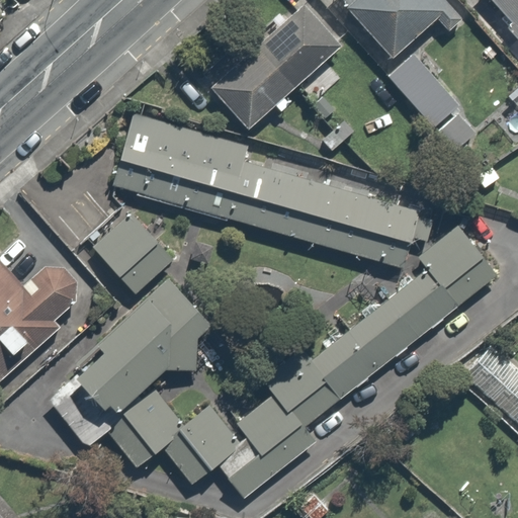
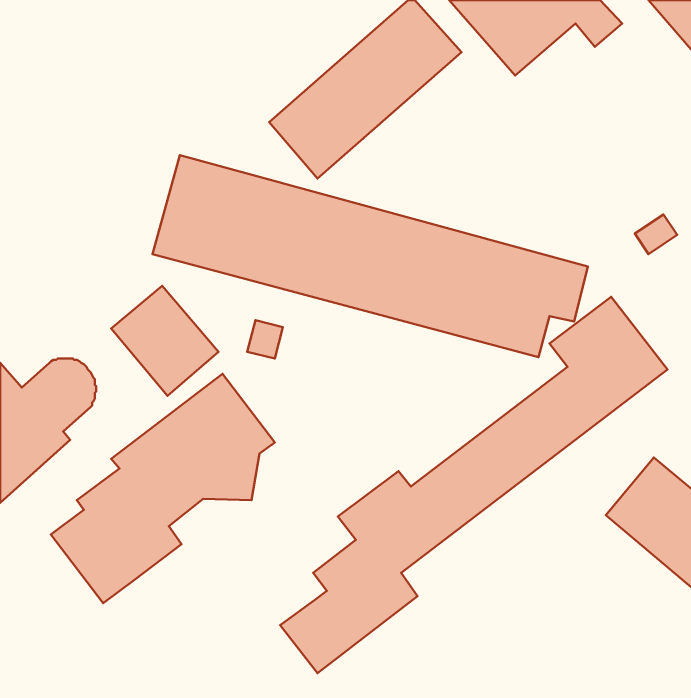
building: [388,54,477,153] -> none
building: [107,396,241,487] -> none

